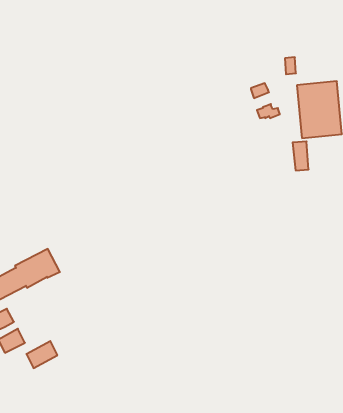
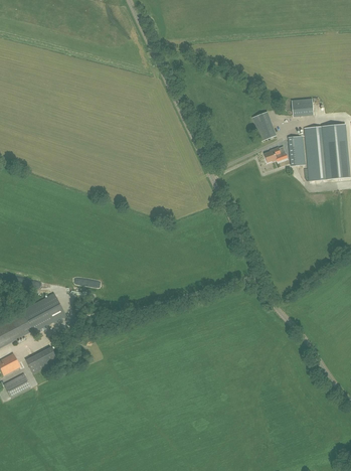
building: [293,141,309,170] -> [288,135,304,164]
building: [26,341,57,368] -> [25,345,56,372]

